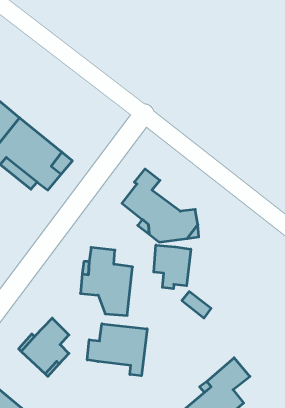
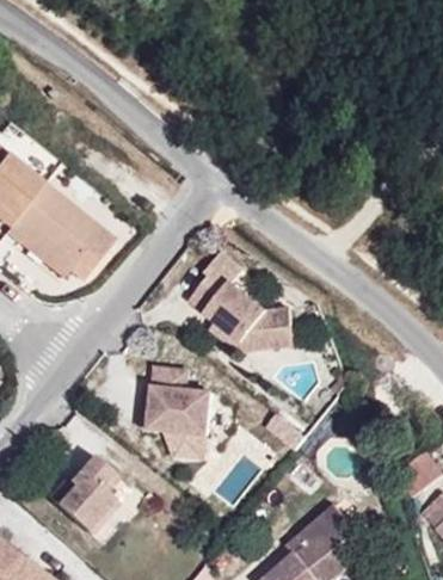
building: [154,245,191,289] -> none
building: [87,324,147,376] -> none

